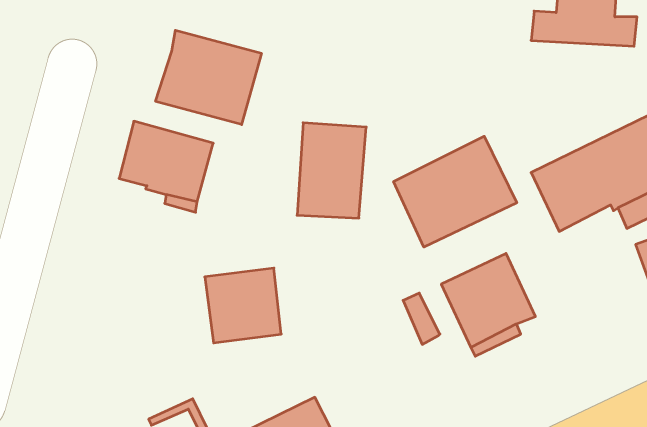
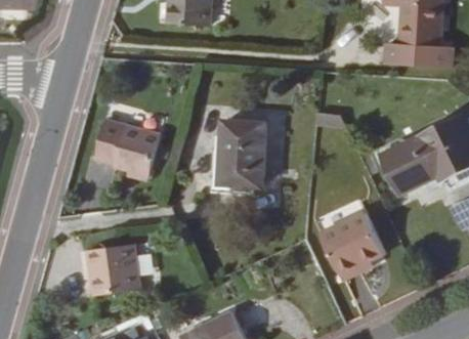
building: [156,30,261,125] -> none
building: [394,136,517,247] -> none
building: [205,268,281,343] -> [86,243,139,295]

